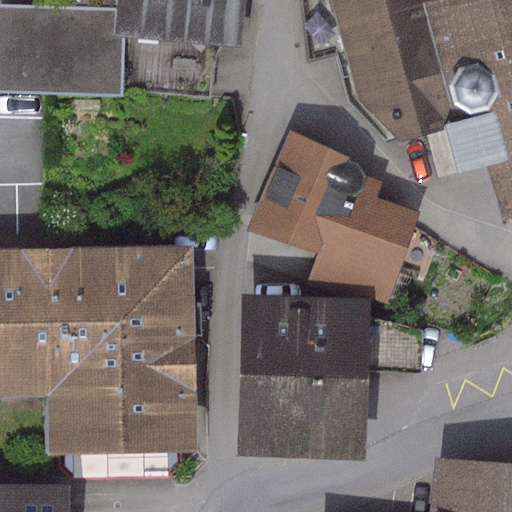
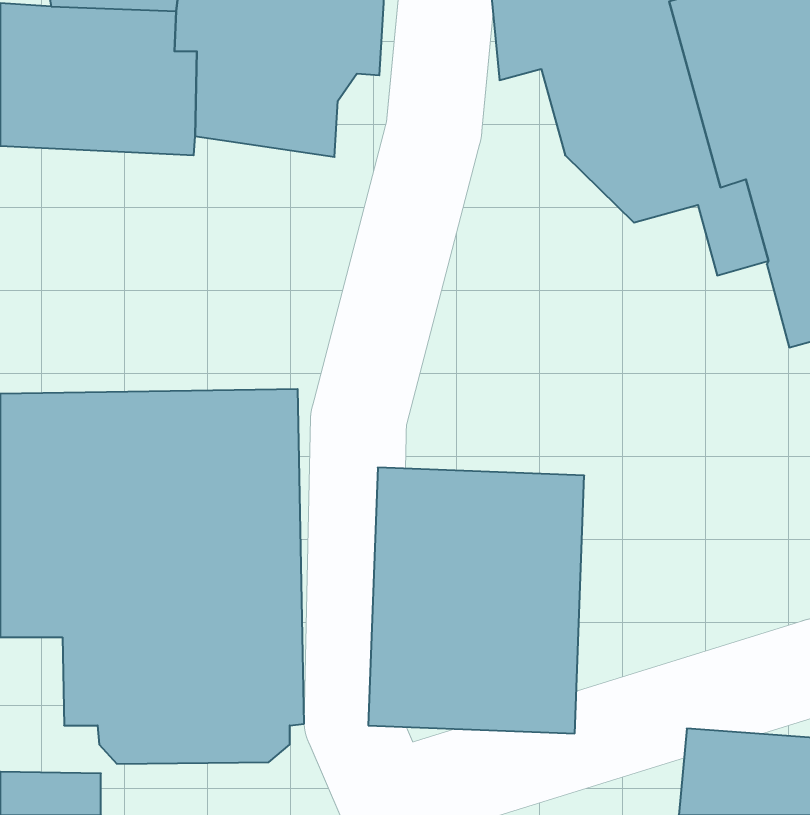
building: [249,130,422,298] -> none

